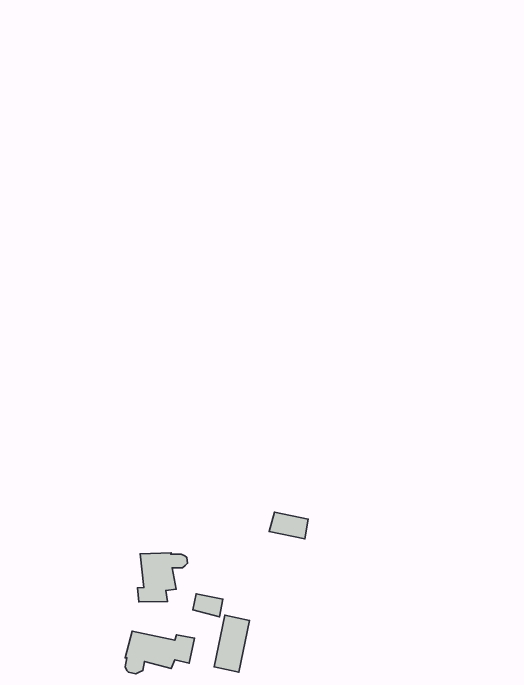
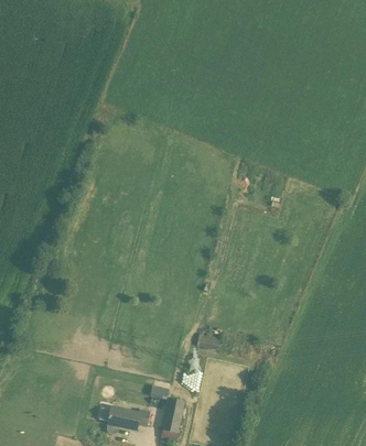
building: [137,553,188,602] -> none

